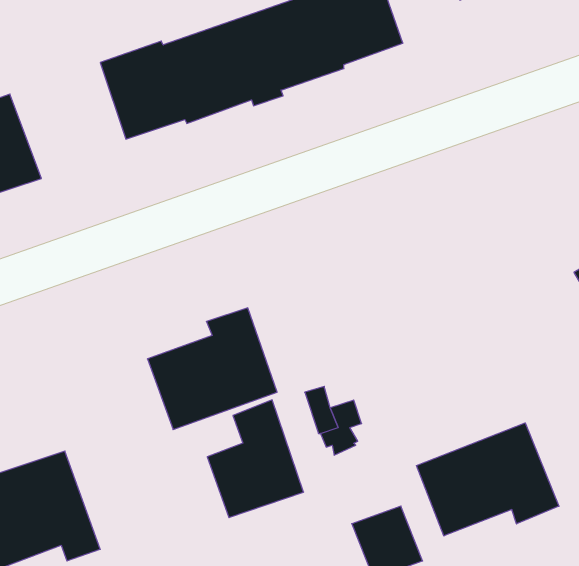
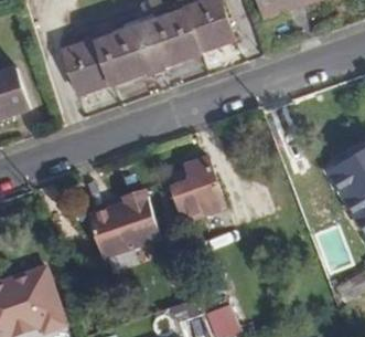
building: [207,400,304,518] -> [171,155,225,221]
building: [416,423,559,536] -> none

